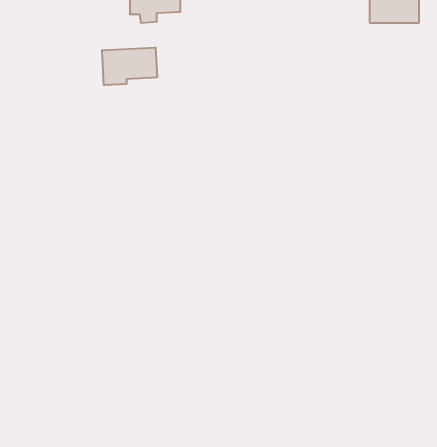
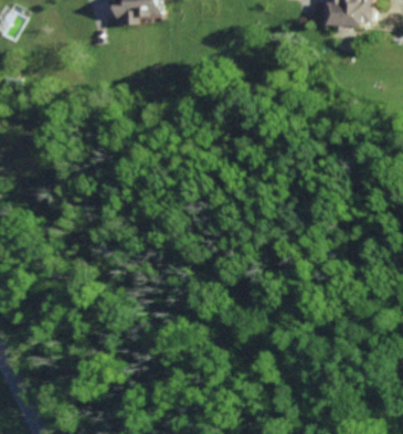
building: [102,47,157,85] -> none

